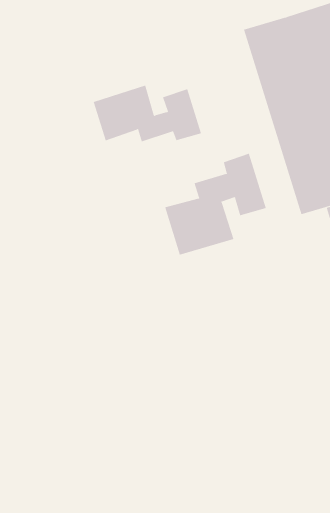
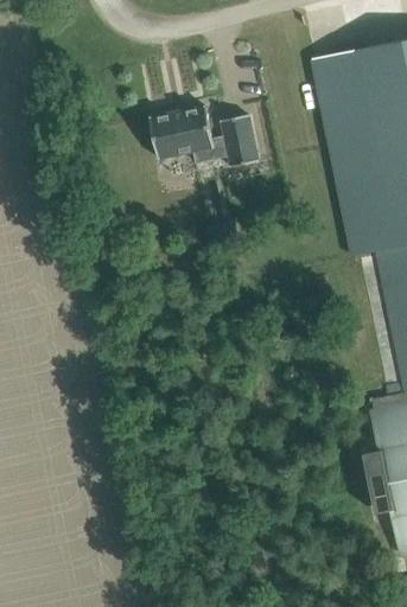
building: [164,153,267,255] -> none

